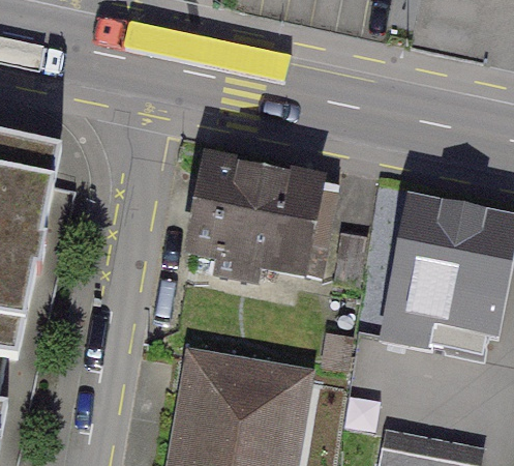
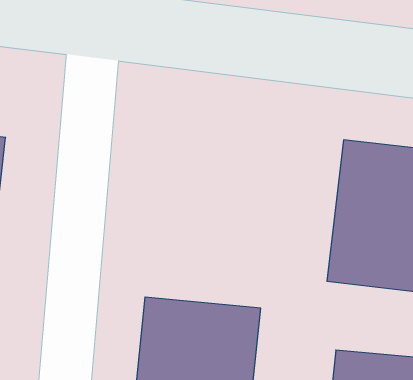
building: [189,153,330,285] -> none

